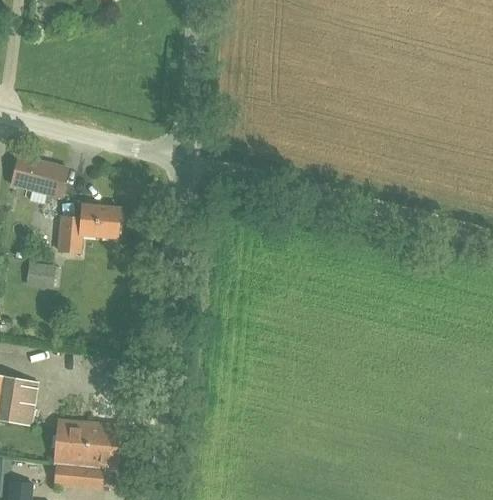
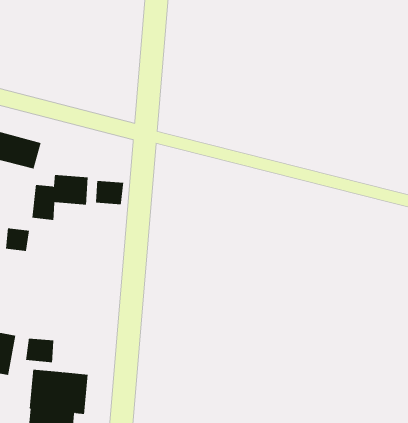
building: none -> [95,180,124,205]
building: none -> [25,338,54,363]

